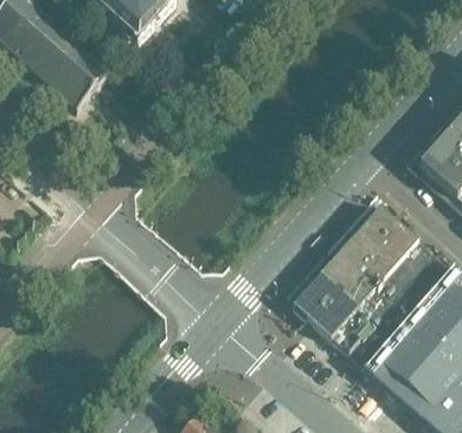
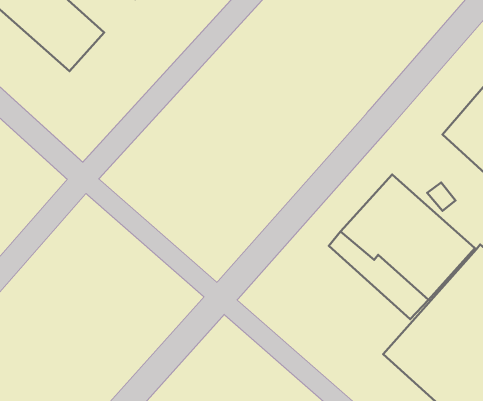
building: [287,268,389,367] -> none

